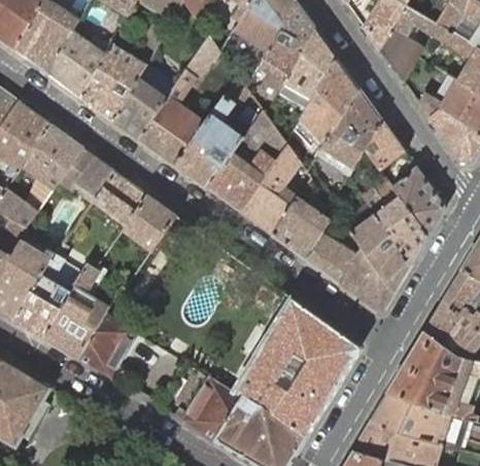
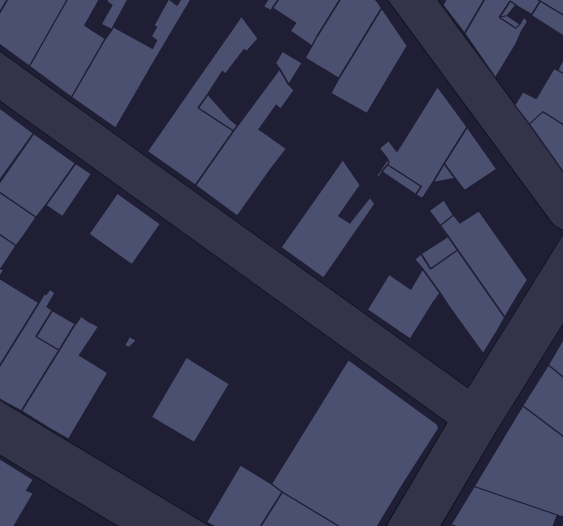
building: [294,59,358,147] -> none
building: [113,68,173,139] -> none
building: [206,111,286,212] -> none
building: [73,156,114,202] -> none
building: [387,169,443,237] -> none
building: [272,179,335,259] -> none
building: [122,194,176,252] -> none
building: [338,254,393,313] -> none
building: [77,313,137,378] -> [151,357,230,442]

